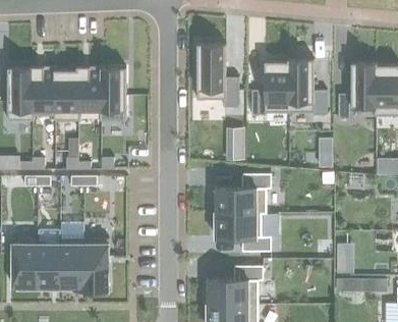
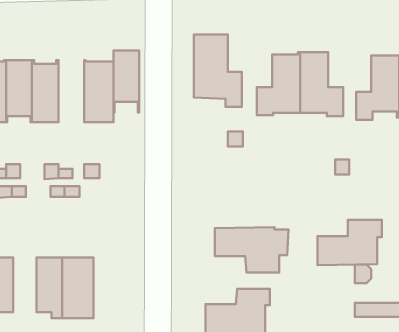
building: [77,66,100,120] -> [113,51,139,112]
building: [214,173,270,213] -> [318,220,382,265]
building: [38,244,58,286] -> none

